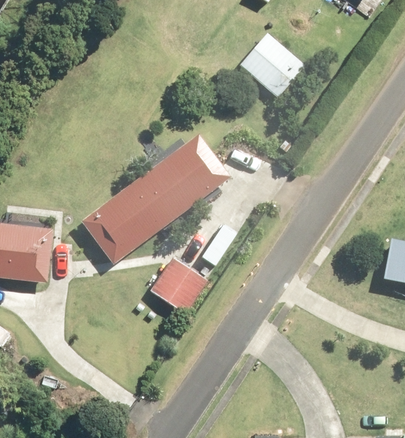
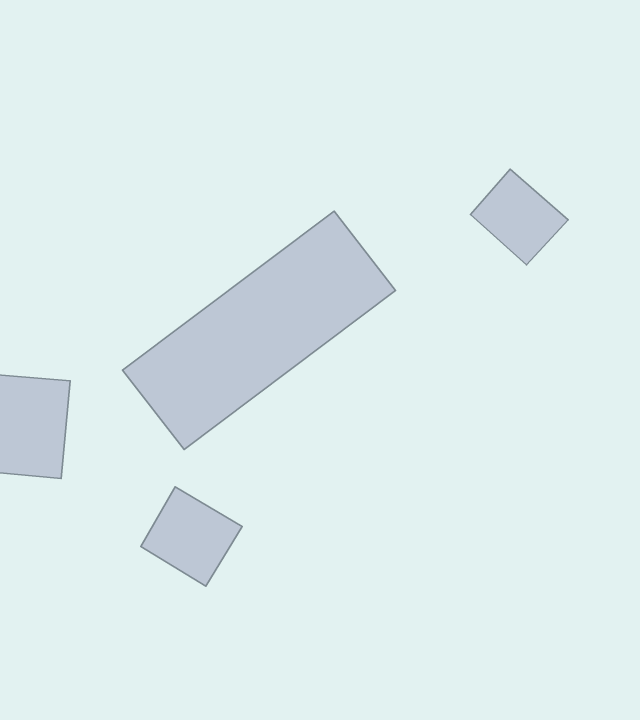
building: [246,39,300,92] -> [470,169,568,265]
building: [151,259,207,314] -> [141,487,242,586]

